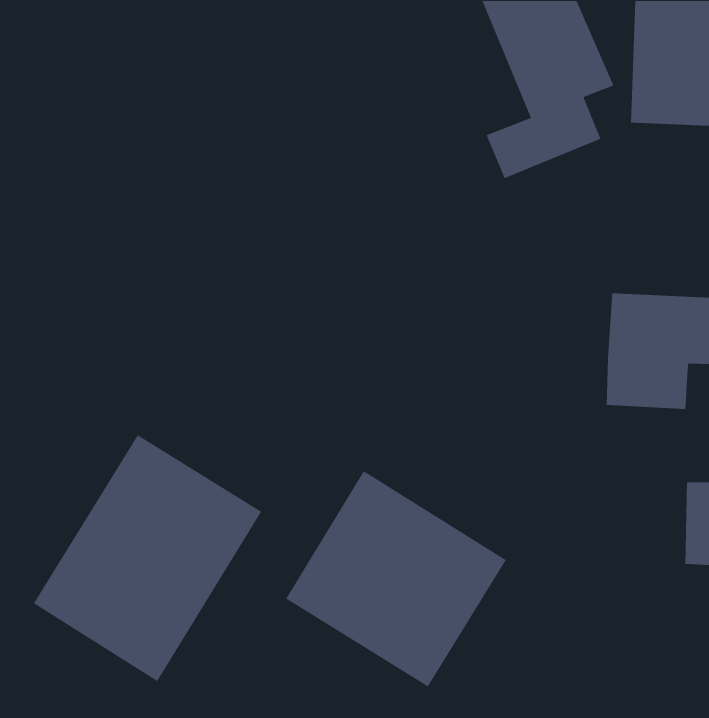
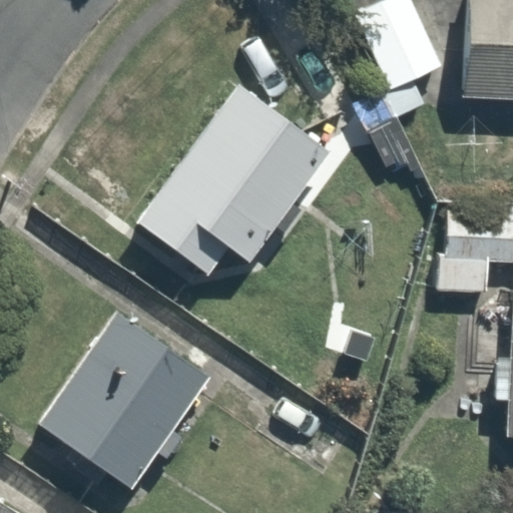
building: none -> [139,84,321,274]
building: [285,470,507,687] -> none

